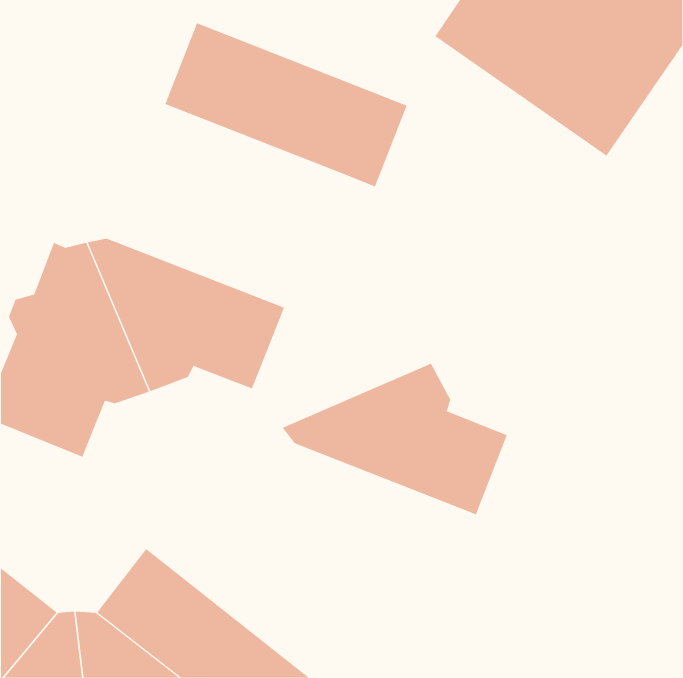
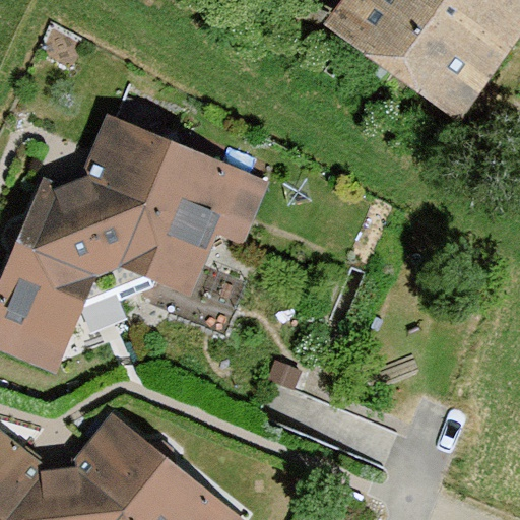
building: [164,23,408,187] -> [81,119,266,244]
building: [282,363,507,515] -> none

